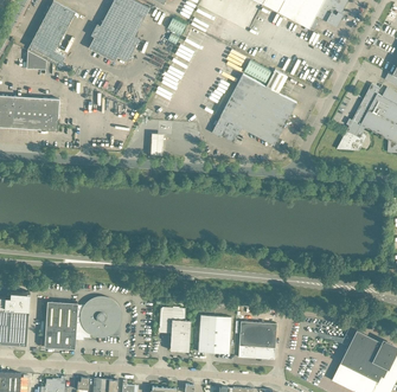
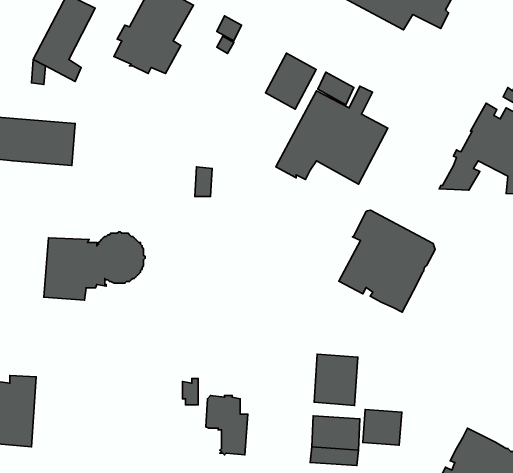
building: none -> [266,53,316,109]
building: none -> [339,210,435,312]
building: [43,297,120,349] -> [44,232,145,300]
building: [197,315,230,354] -> [314,354,358,405]
building: none -> [363,410,402,445]

